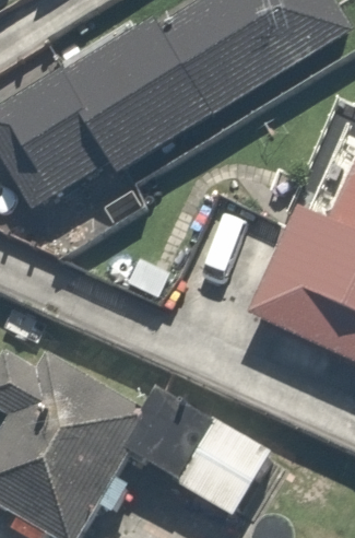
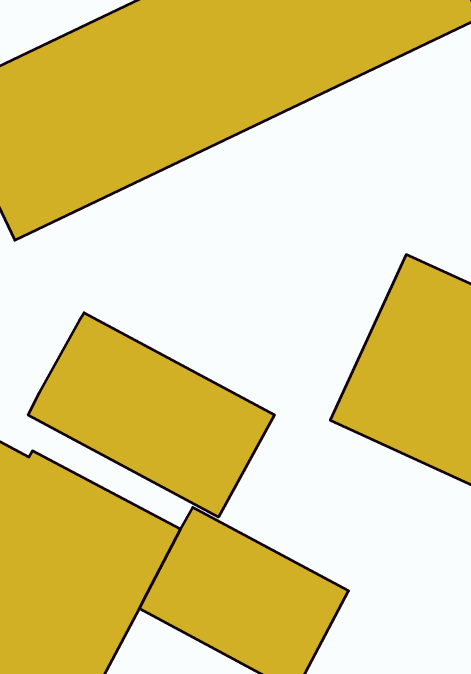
building: none -> [28,313,274,517]

